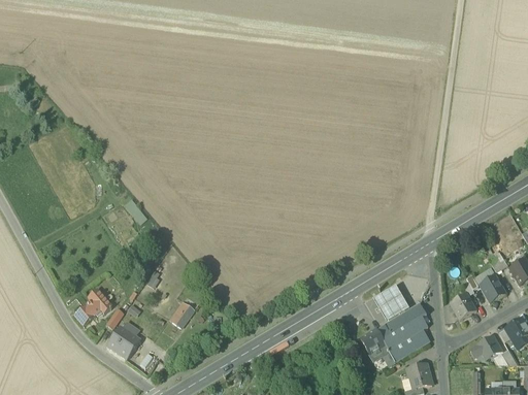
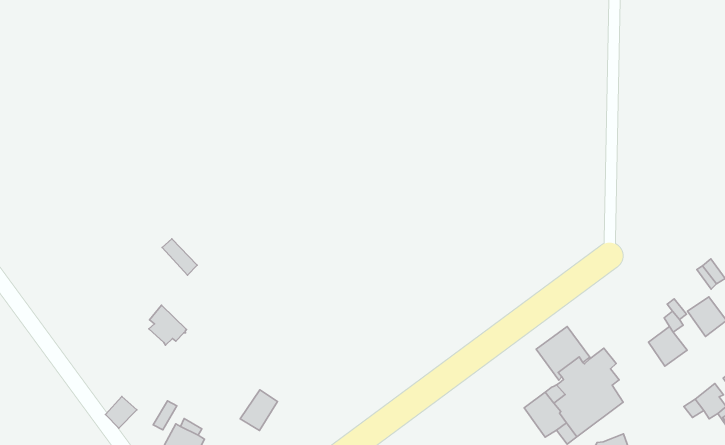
building: [87,286,112,314] -> [149,305,187,345]

